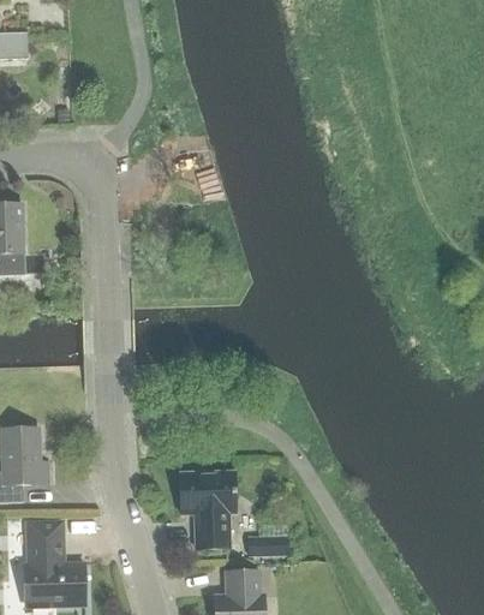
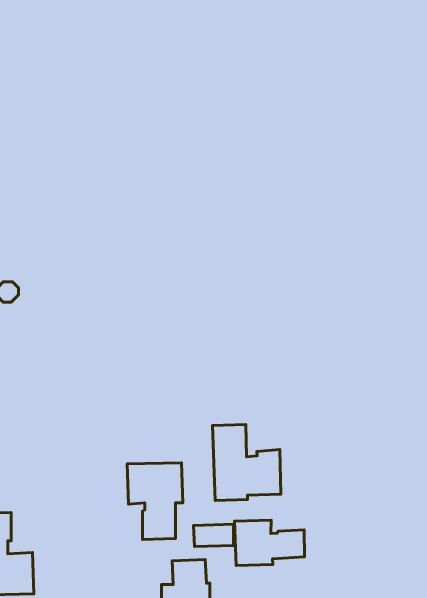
building: none -> [212,425,281,501]
building: none -> [234,520,305,566]

